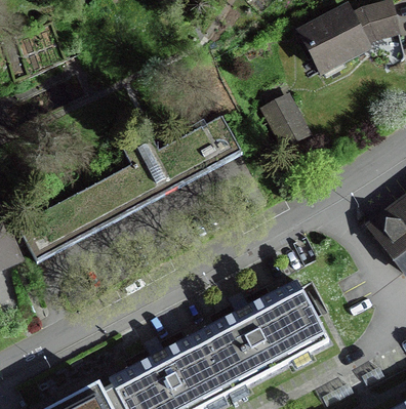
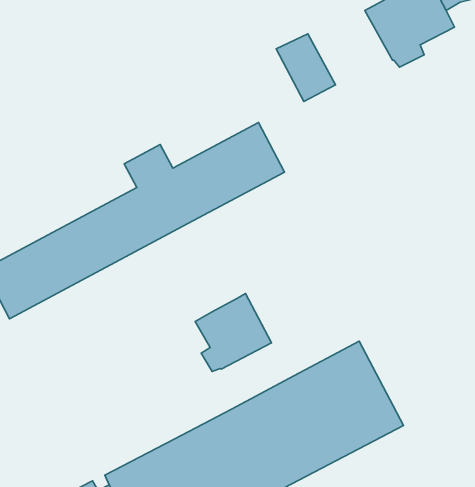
building: [262,98,307,149] -> [276,34,335,101]
building: none -> [195,293,272,372]

